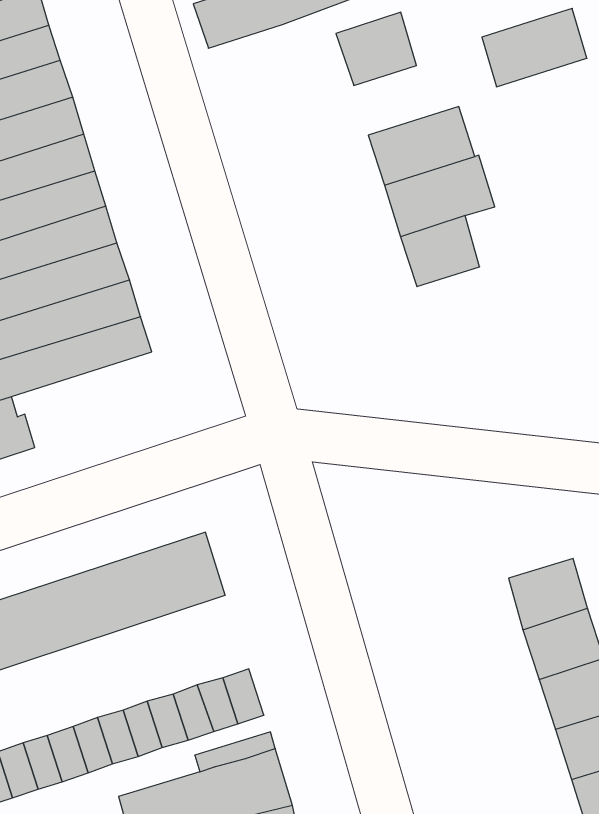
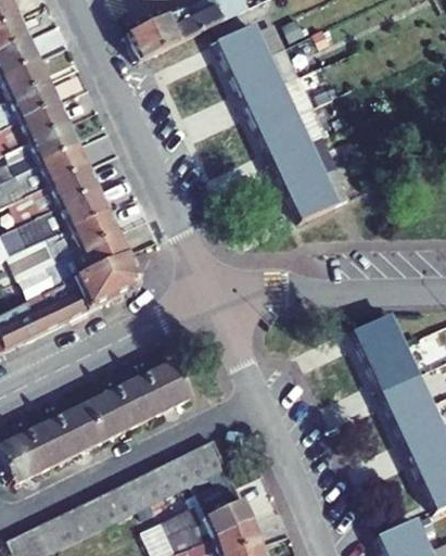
building: [482,8,587,87] -> [230,48,296,102]
building: none -> [285,167,349,222]
building: none -> [46,253,139,321]
building: none -> [352,315,404,363]

